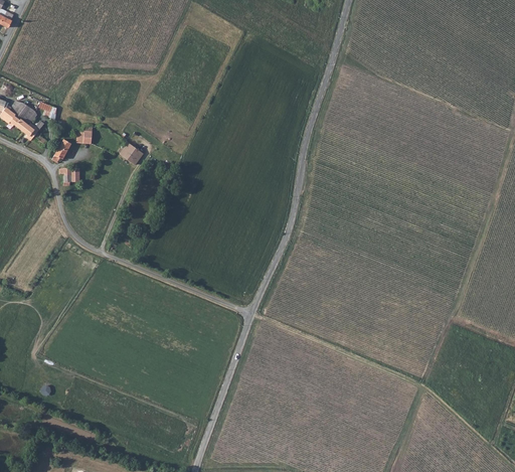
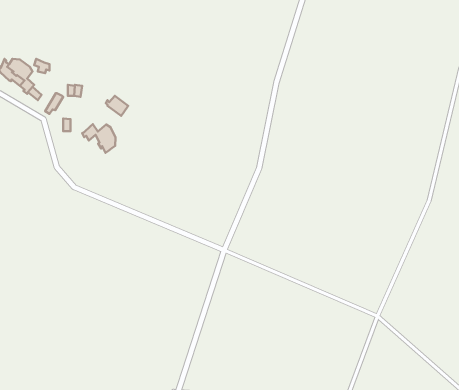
building: none -> [82,124,116,153]

